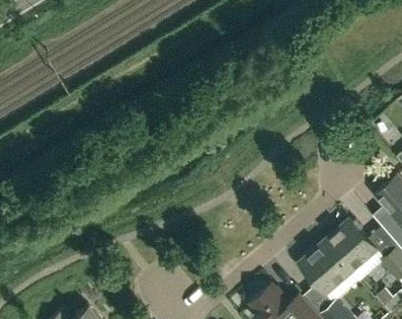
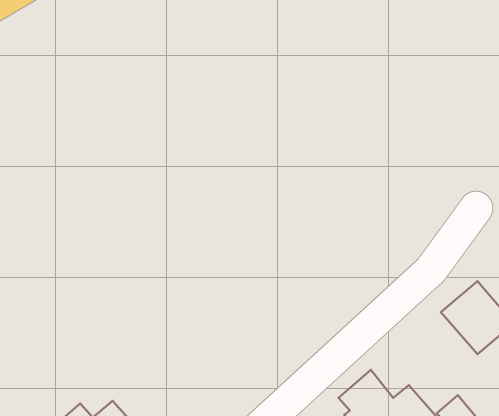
building: [297,241,351,296] -> none

